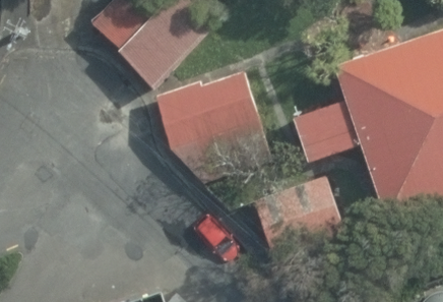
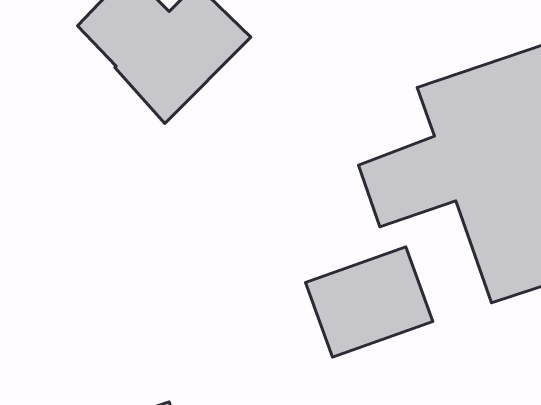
building: [157,74,268,175] -> none

